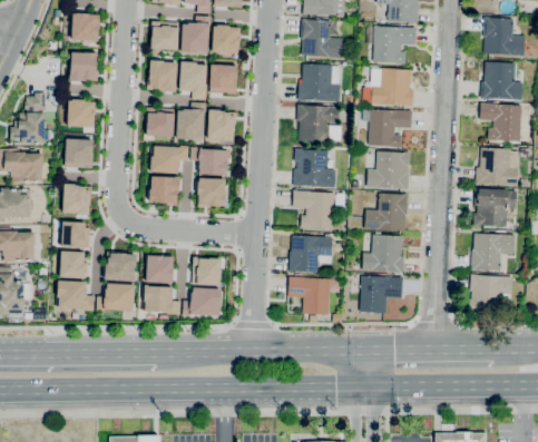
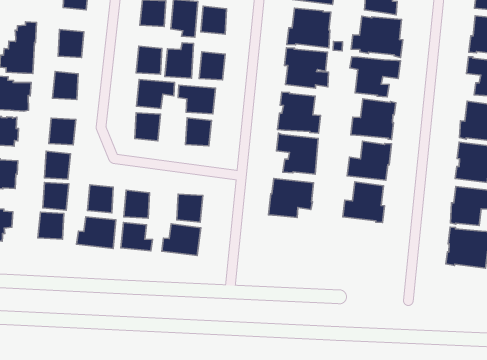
building: [360,275,403,313] -> none
building: [287,276,330,315] -> none

